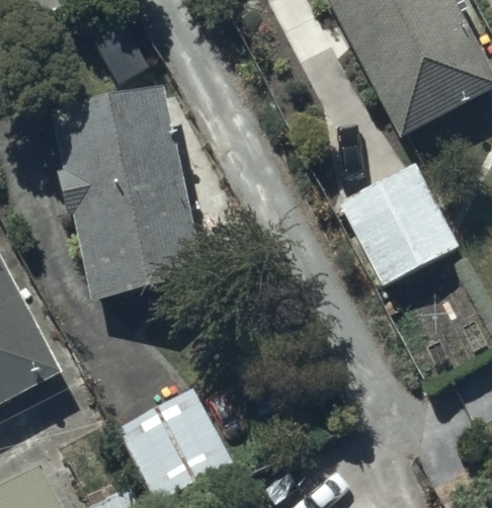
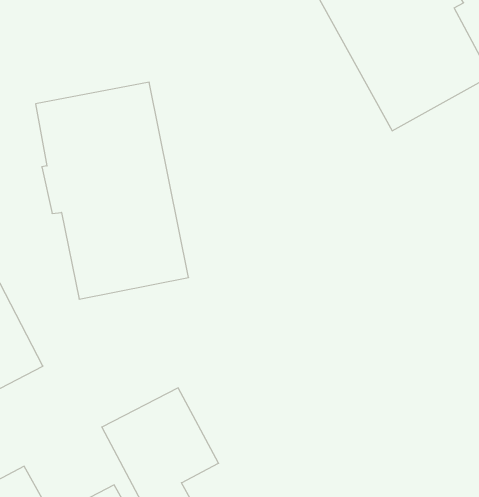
building: [332,161,458,283] -> none

